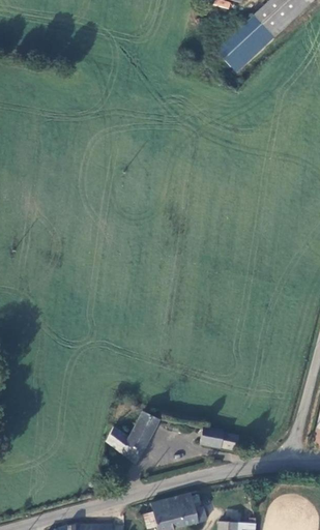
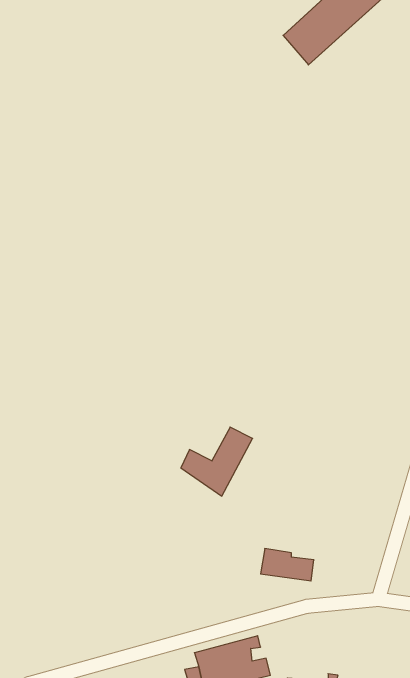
building: [107,411,159,462] -> [181,427,253,496]

